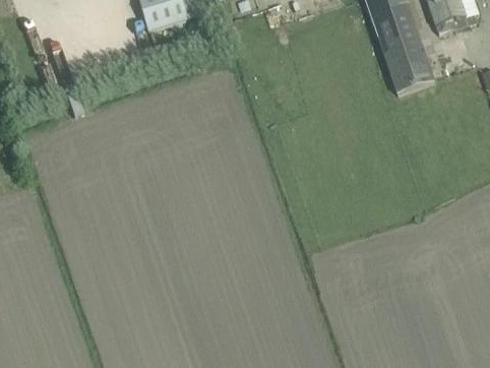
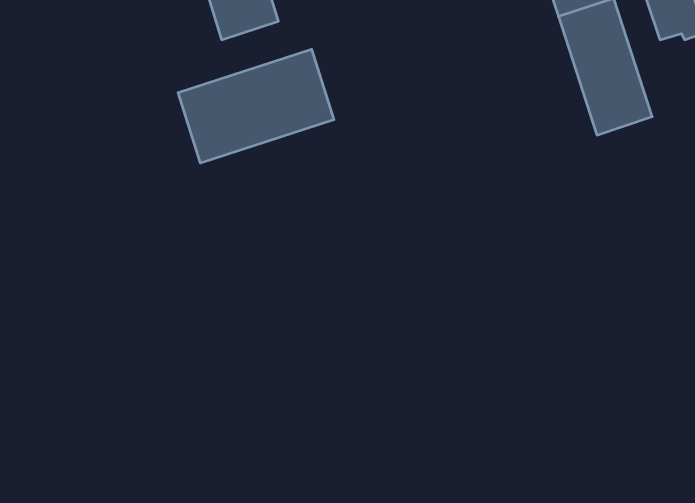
building: none -> [178,49,334,163]

